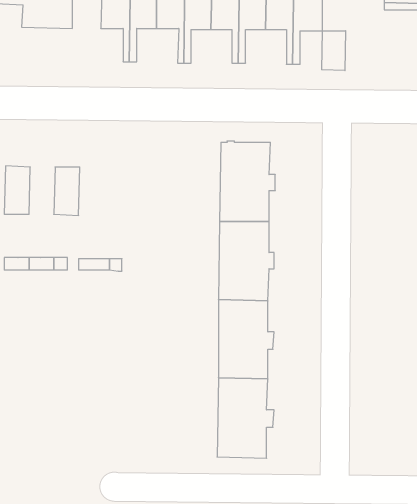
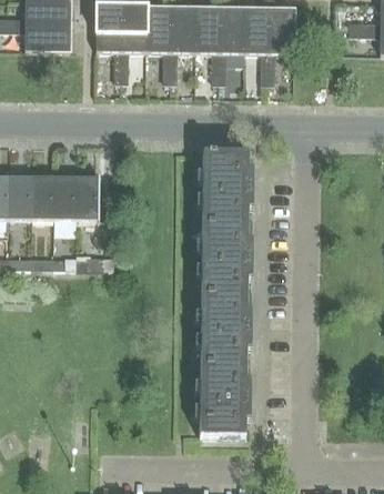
building: [322,31,346,71] -> none
building: none -> [77,173,100,219]
building: none -> [32,174,55,216]

